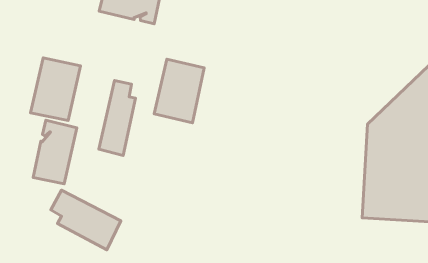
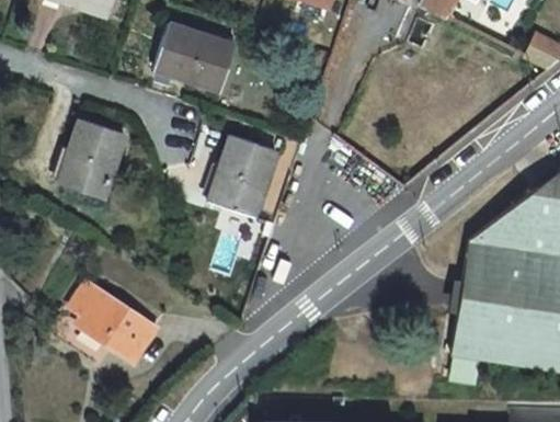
building: [99,81,135,156] -> none
building: [33,120,77,184] -> none

